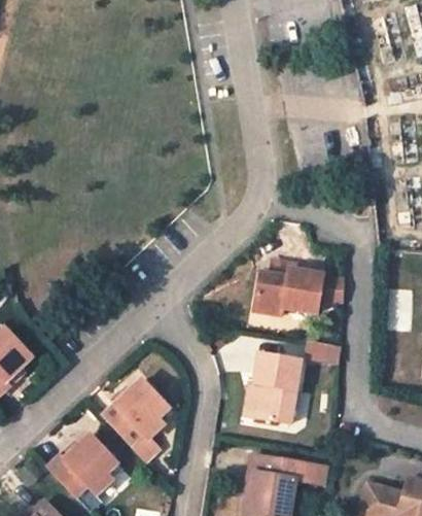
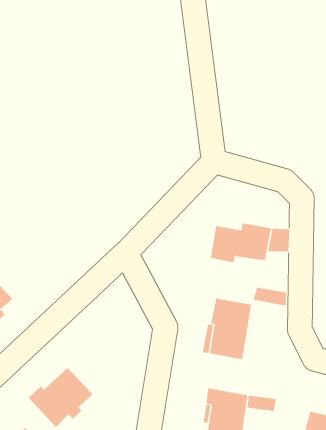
building: [103,380,166,461] -> none

